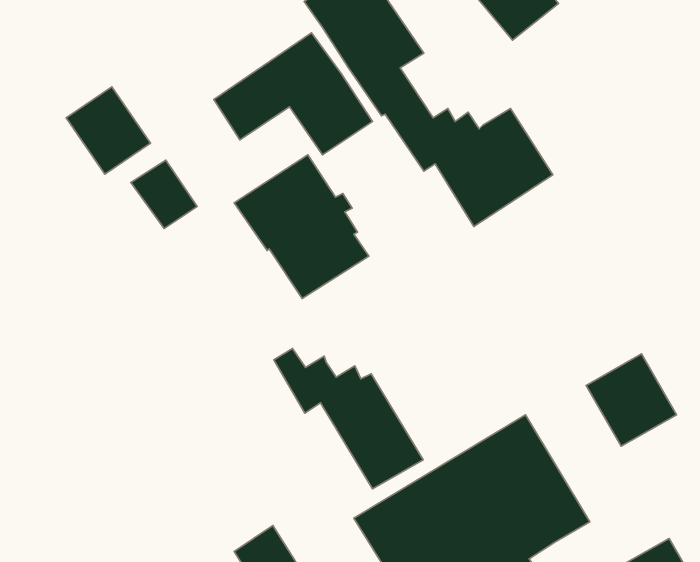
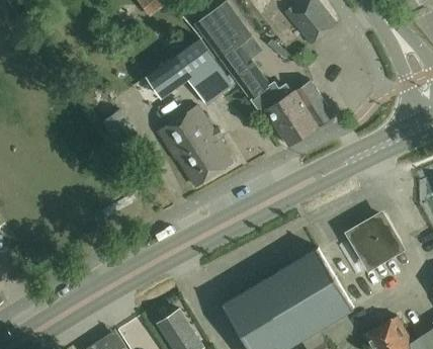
building: [66,87,151,174] -> none
building: [274,349,423,489] -> none

